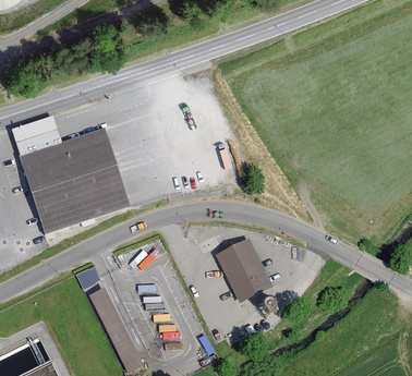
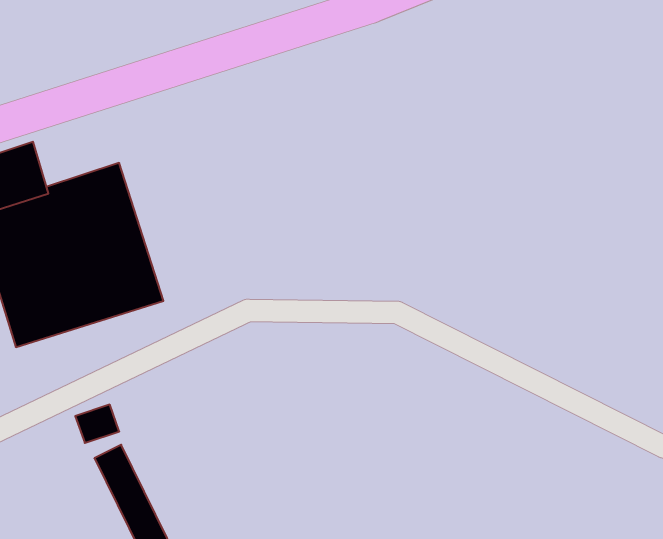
building: [214,240,270,304] -> none

